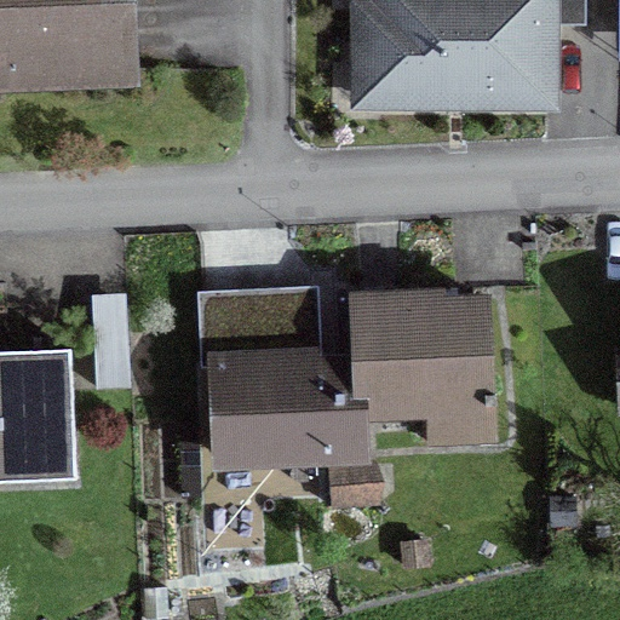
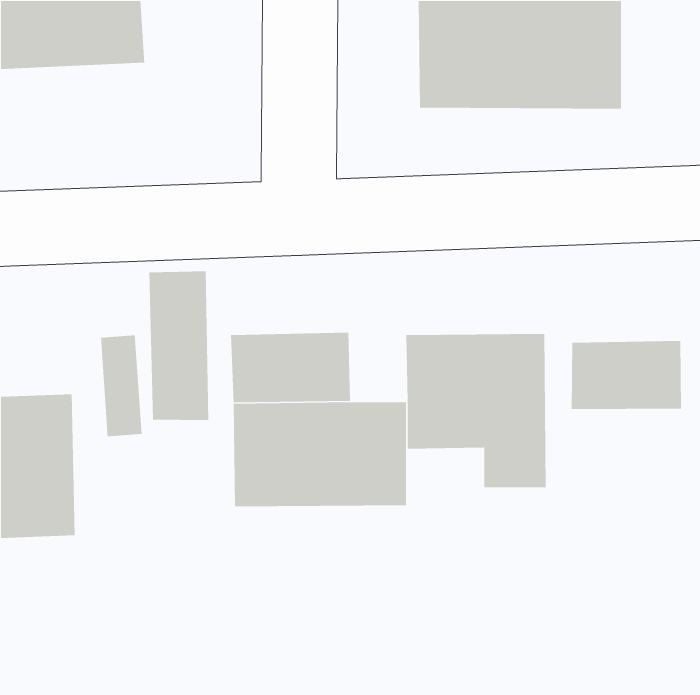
building: none -> [149,271,209,421]
building: none -> [571,340,682,410]

